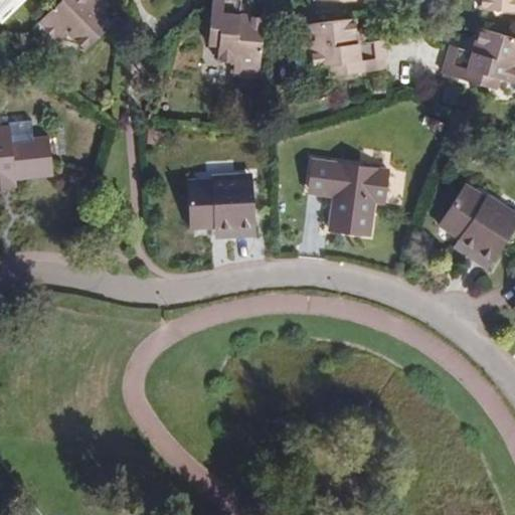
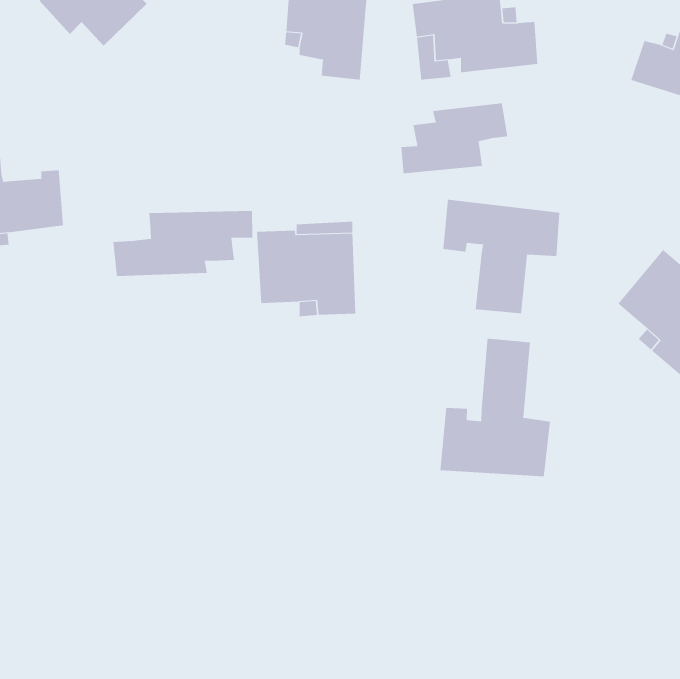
building: none -> [401,102,508,174]
building: none -> [113,210,253,277]
building: none -> [440,338,550,477]

